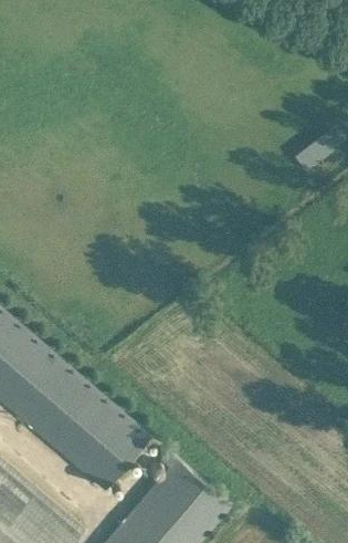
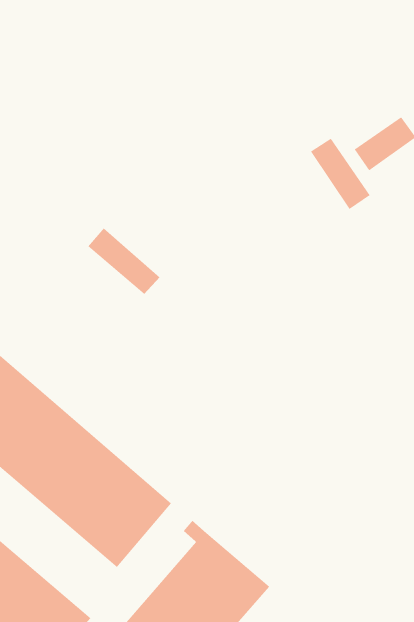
building: none -> [310,138,371,210]
building: none -> [87,227,161,295]

